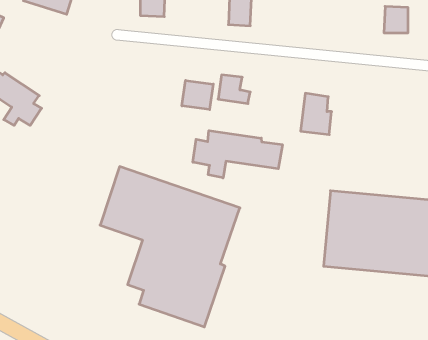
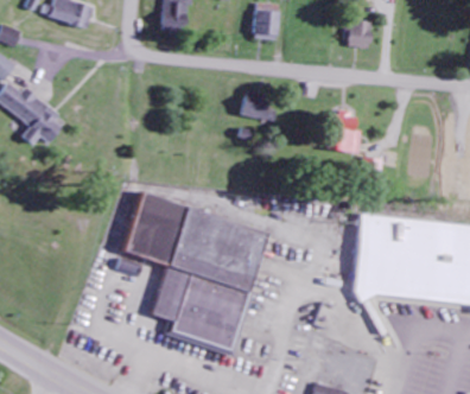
building: [384,6,408,33] -> [345,21,370,49]
building: [182,80,213,110] -> none
building: [193,131,282,178] -> none

